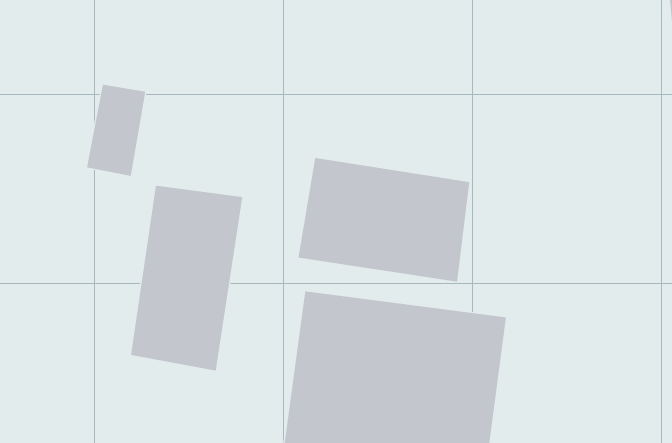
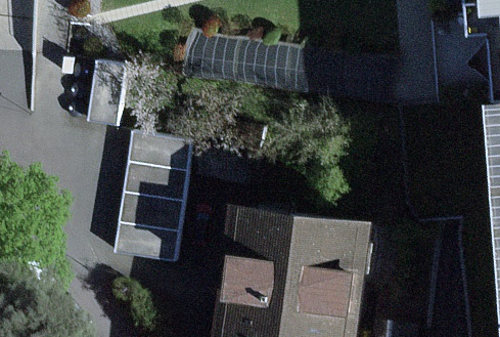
building: [298,157,470,282] -> none

